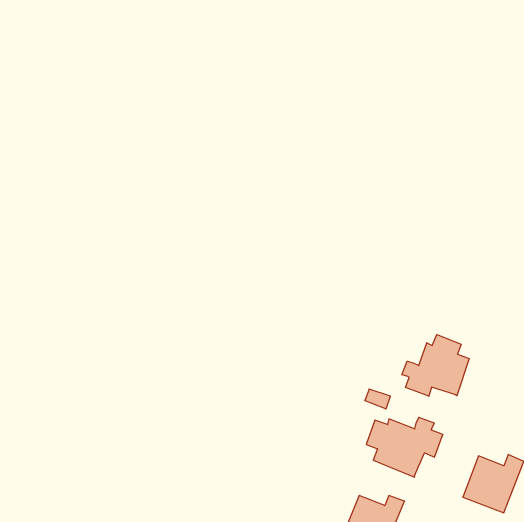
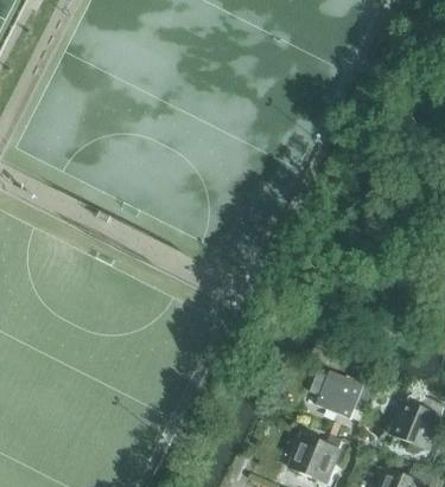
building: [402,335,469,396] -> none

